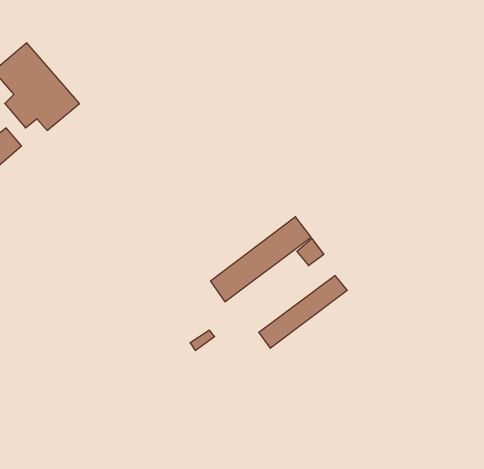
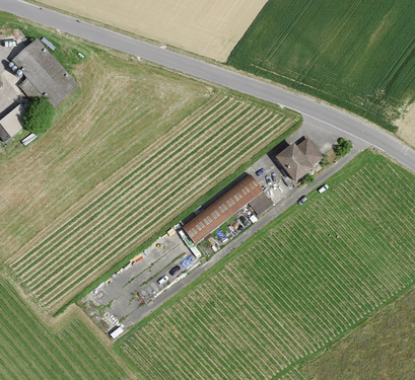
building: none -> [277,138,324,182]
building: [259,276,347,348] -> none

